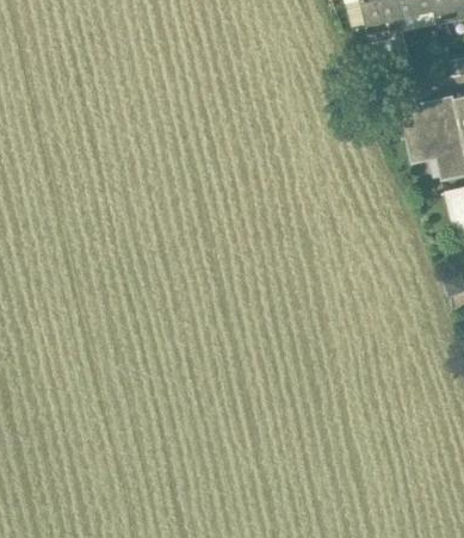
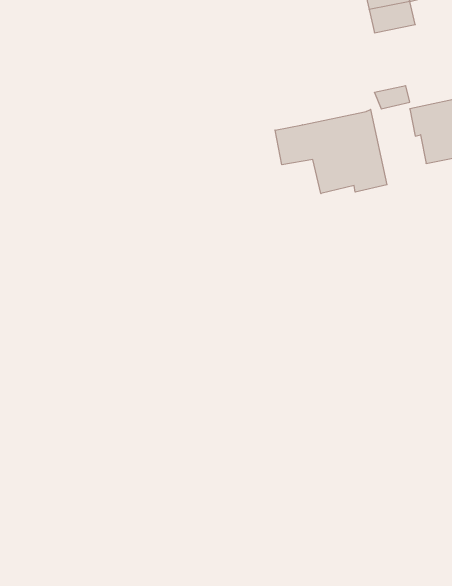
building: none -> [275,109,387,194]

